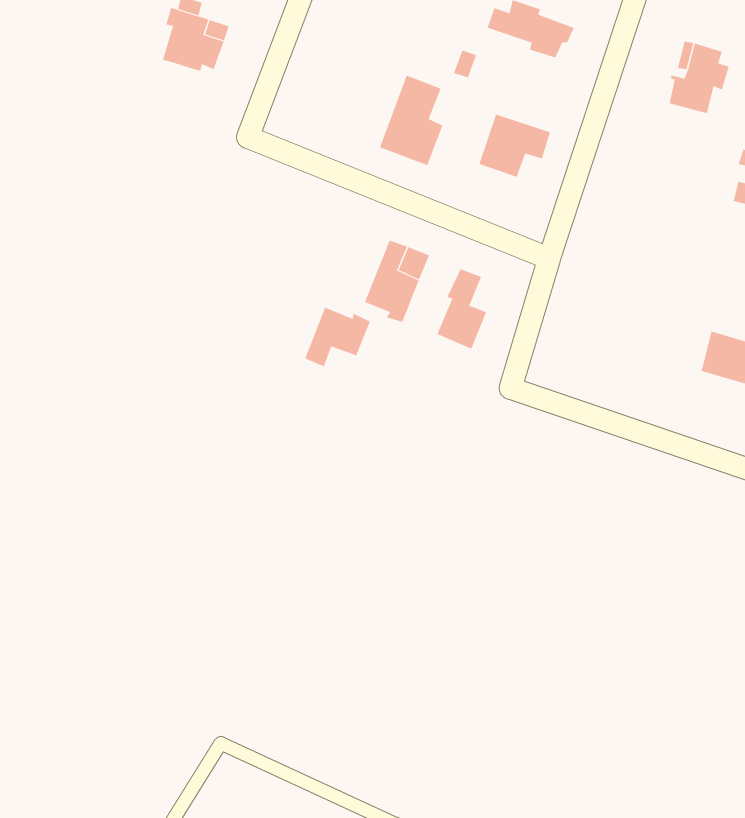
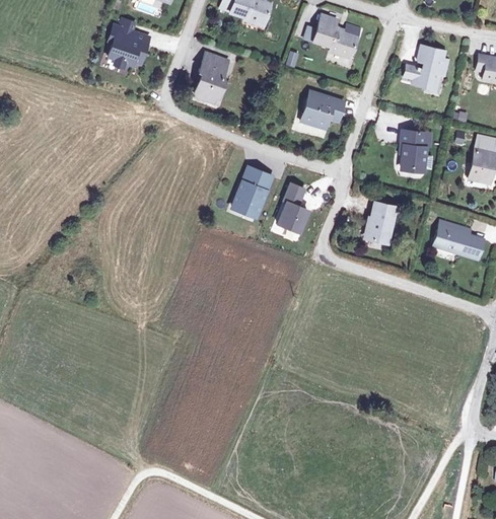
building: [379,75,443,166] -> [191,52,229,106]
building: none -> [402,131,427,172]
building: none -> [368,202,397,243]
building: [305,307,370,367] -> none

